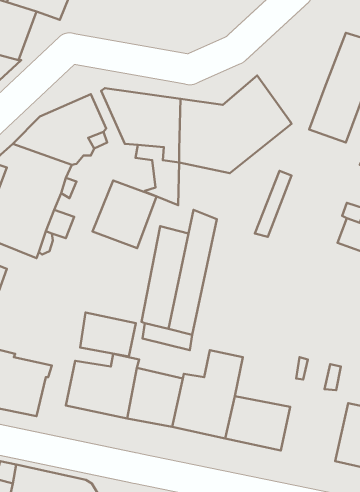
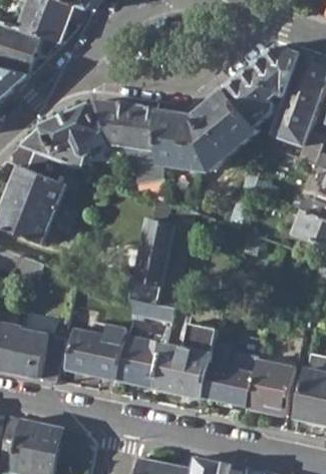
building: none -> [227,45,302,128]
building: [93,180,157,248] -> none
building: [80,312,136,357] -> none
building: none -> [247,360,292,415]

